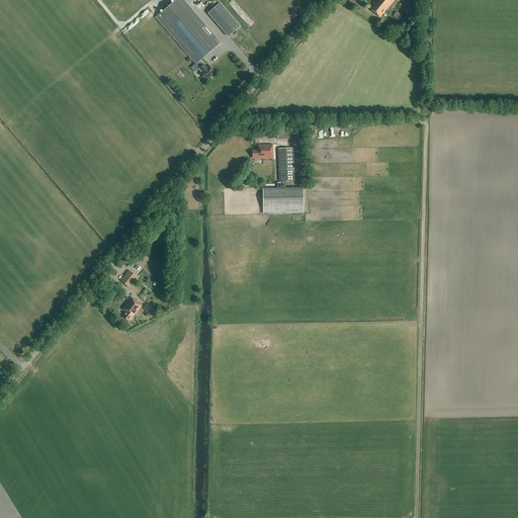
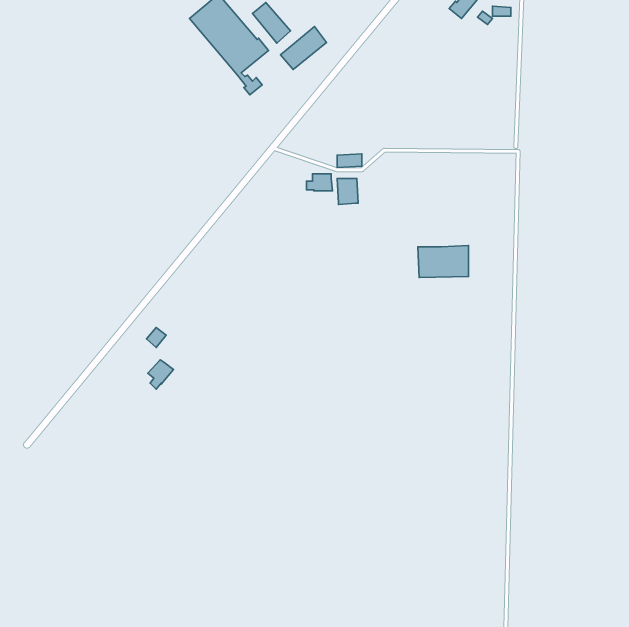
building: none -> [281,27,326,69]
building: [262,186,304,212] -> [418,246,468,278]

